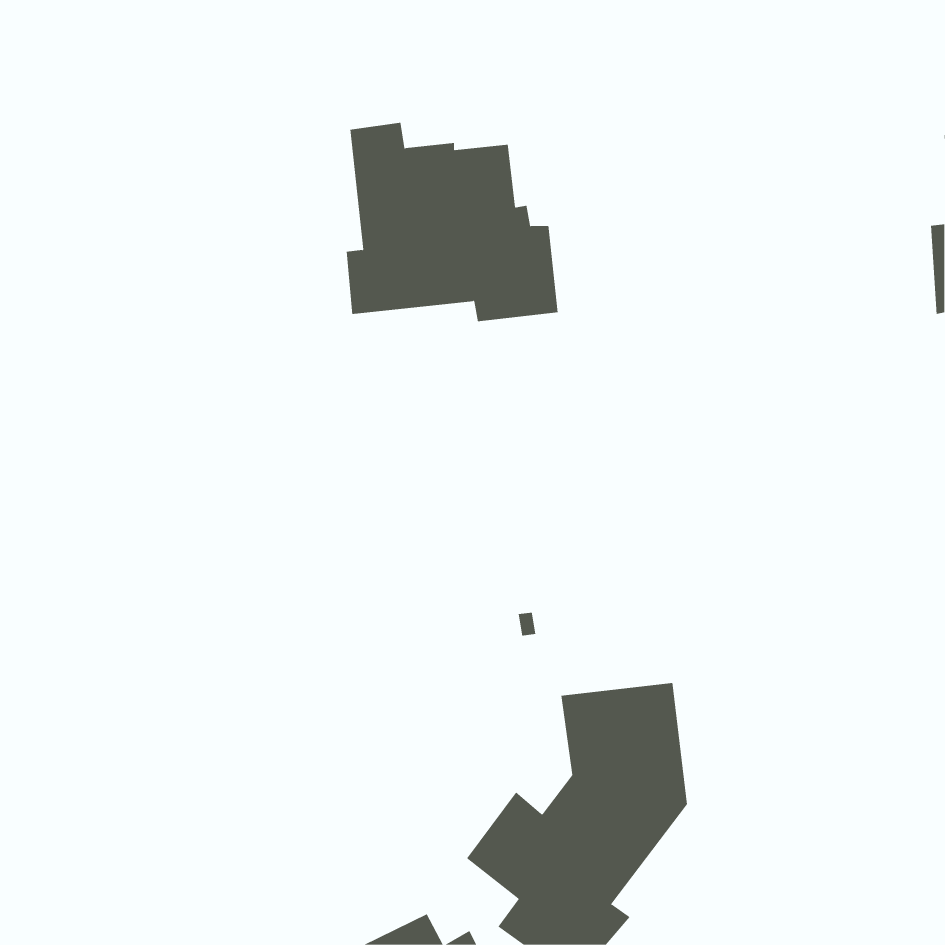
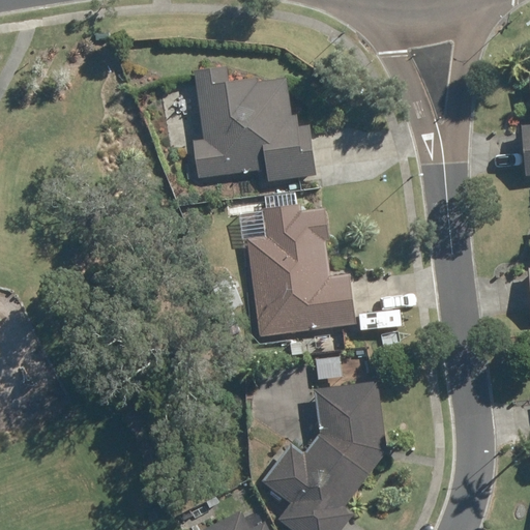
building: none -> [247,205,354,335]

